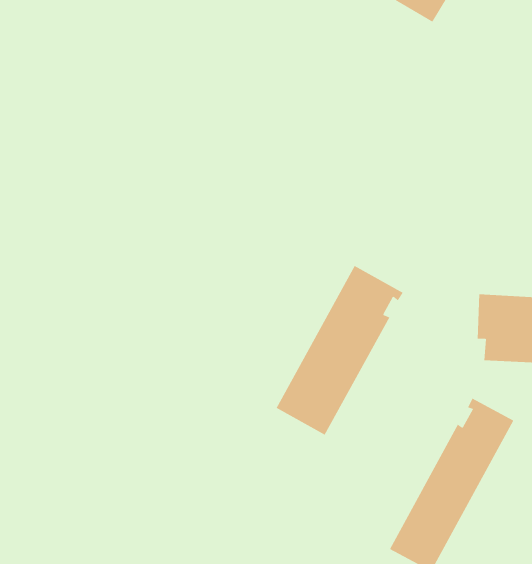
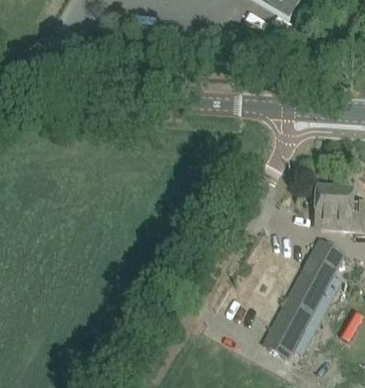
building: [276,265,403,435] -> none

